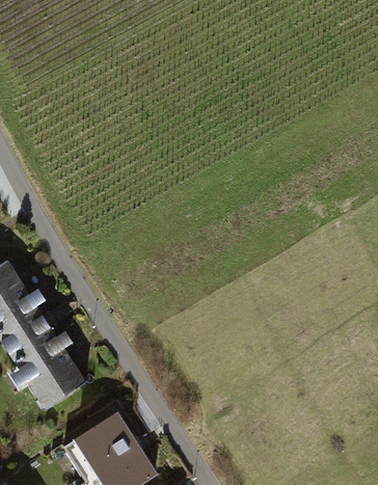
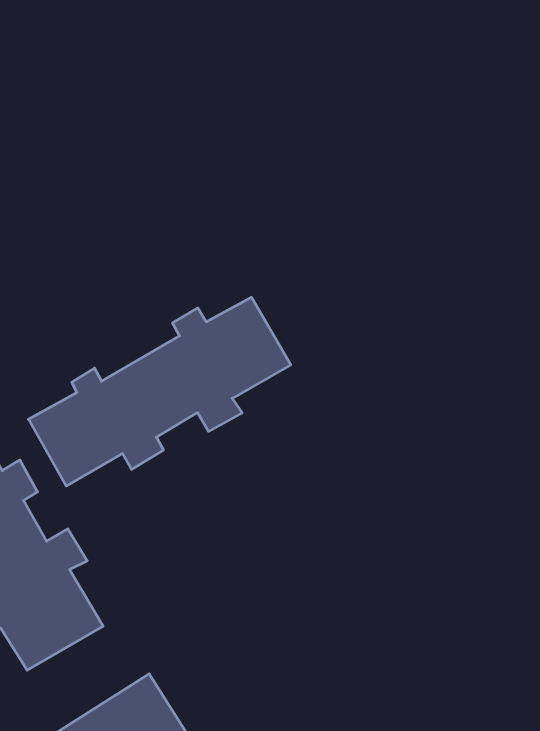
building: none -> [28,297,291,486]

